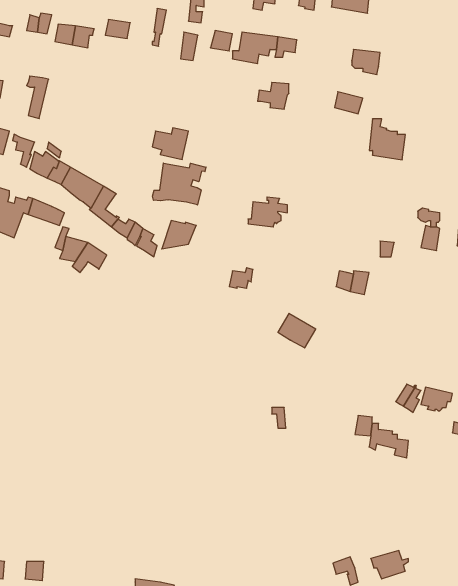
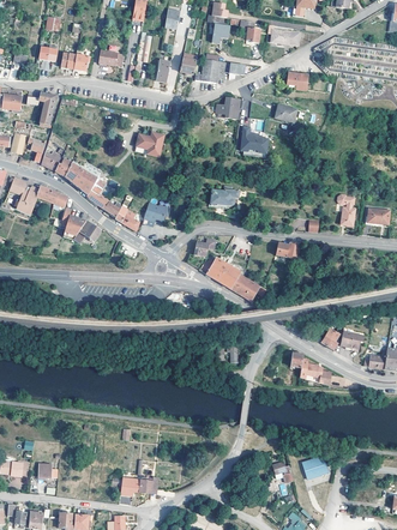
building: [369,119,405,160] -> [241,126,269,157]
building: [152,163,206,205] -> none
building: none -> [200,255,241,288]

